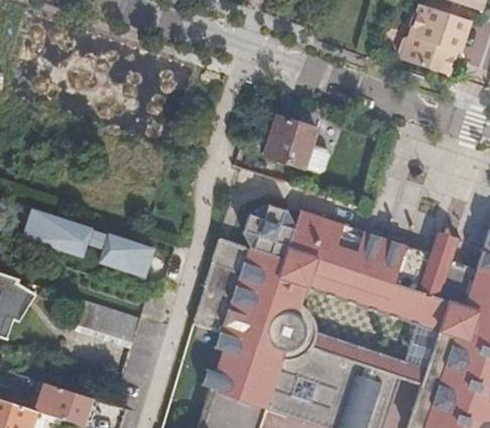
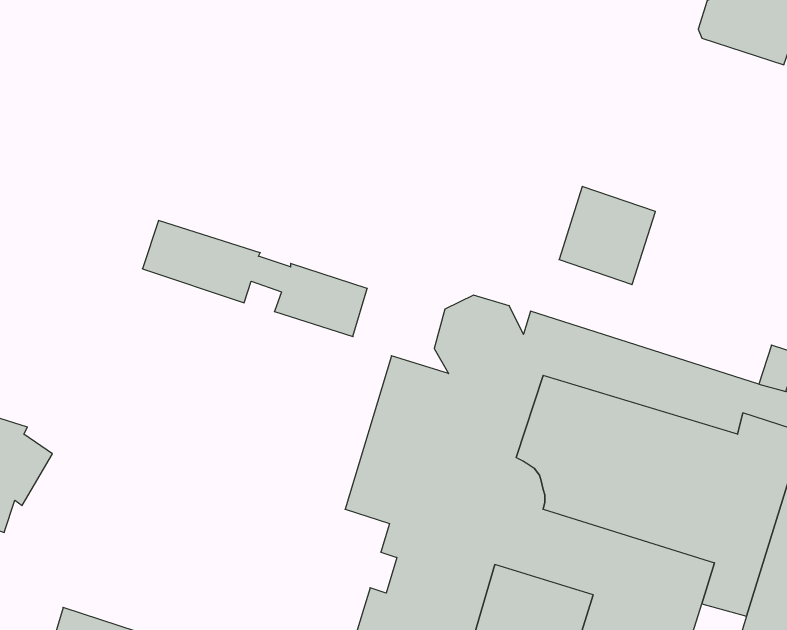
building: [262,111,317,166] -> [559,186,655,285]
building: [25,210,152,276] -> [142,221,367,337]
building: [75,299,139,346] -> none

